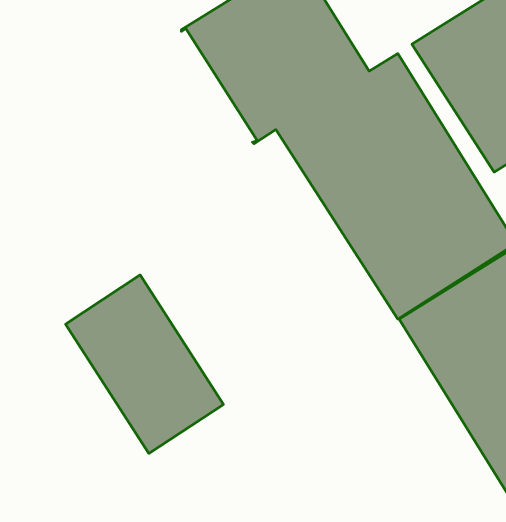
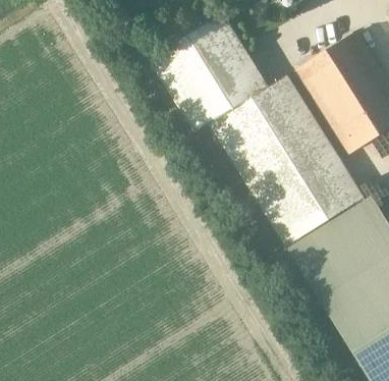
building: [66,275,223,454] -> none

